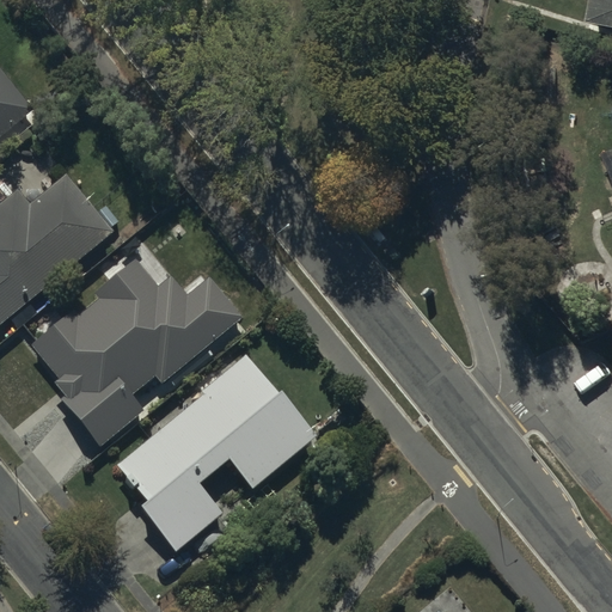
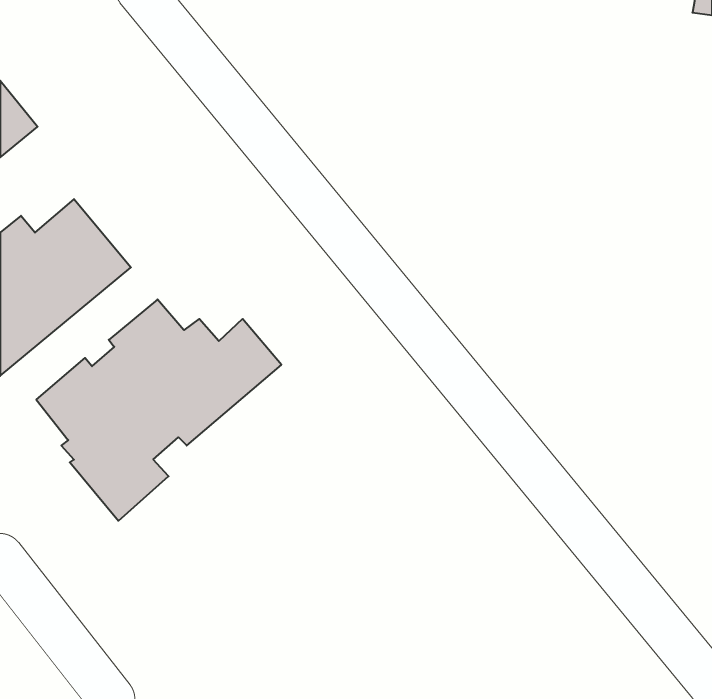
building: [116,355,319,555] -> none

